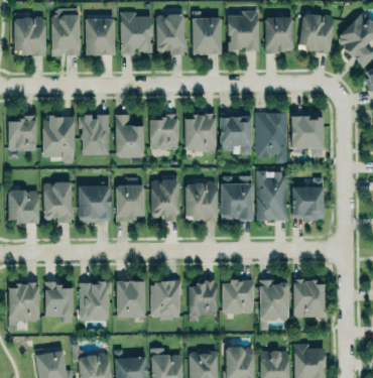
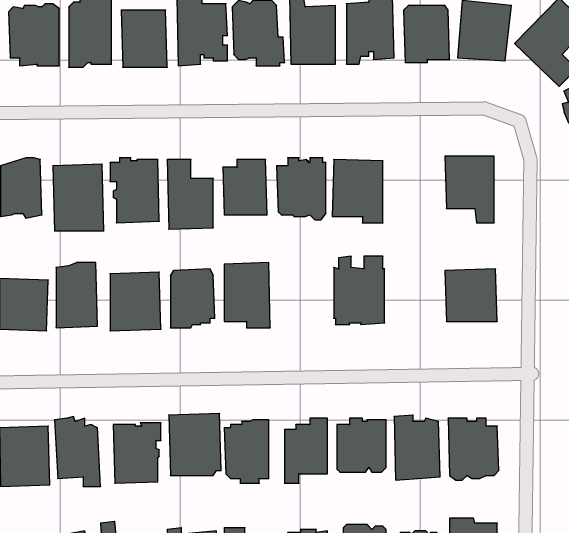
building: [255,111,287,160] -> none
building: [256,170,287,219] -> none
building: [185,182,218,221] -> none

